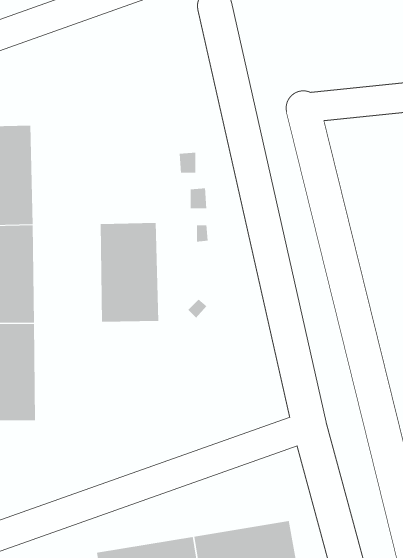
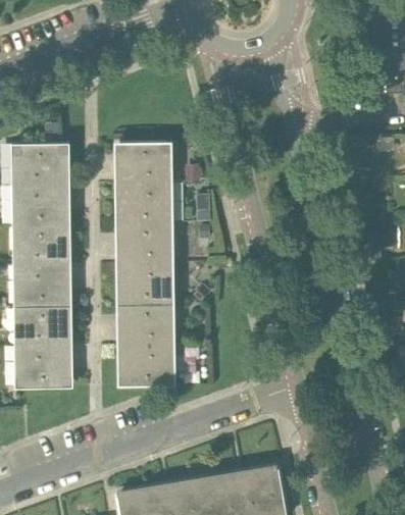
building: none -> [120,141,168,223]
building: none -> [122,304,171,385]

